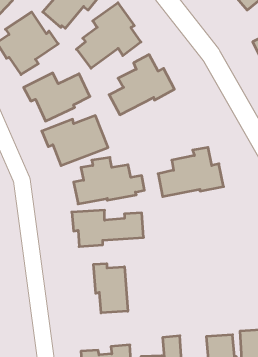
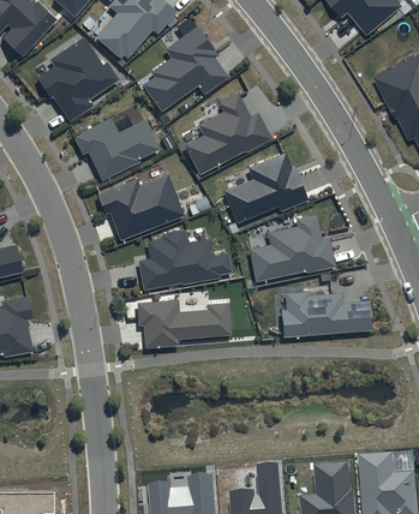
building: none -> [222,153,307,223]
building: none -> [280,292,371,339]
building: [94,264,128,313] -> none

